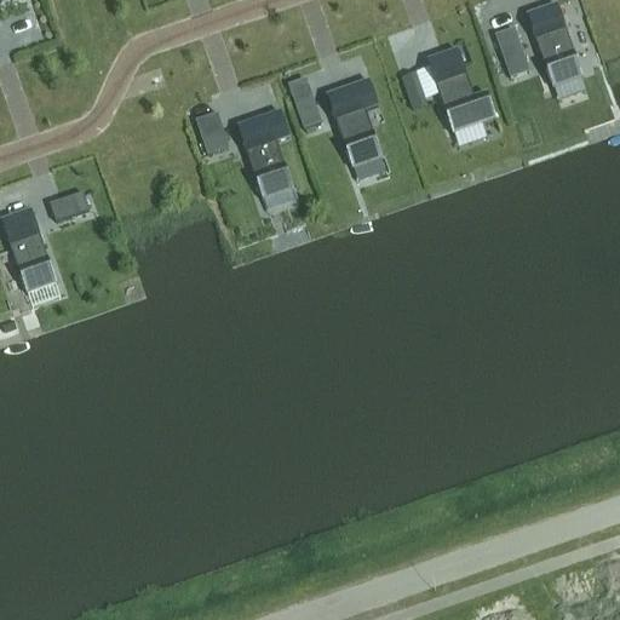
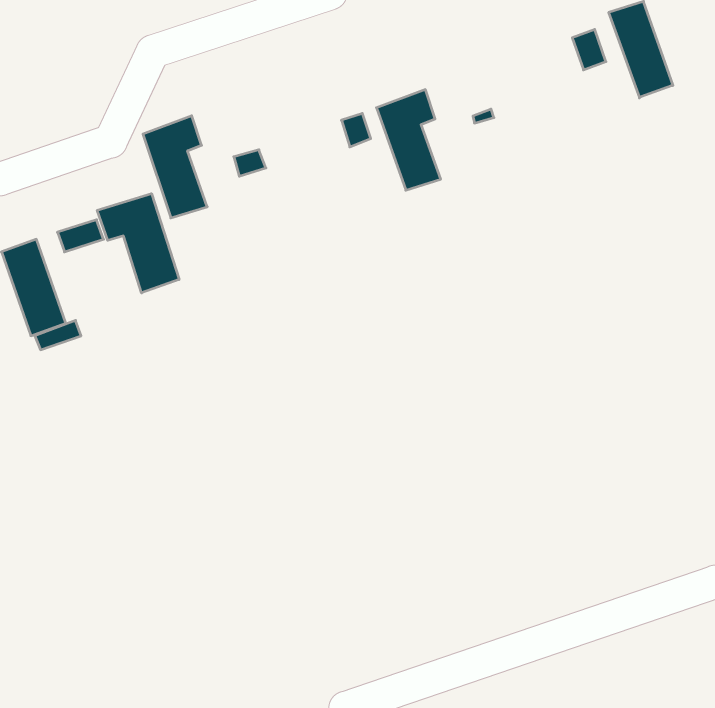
building: [426,47,493,130] -> none
building: [239,109,294,197] -> [143,116,207,218]
building: none -> [97,194,179,293]

